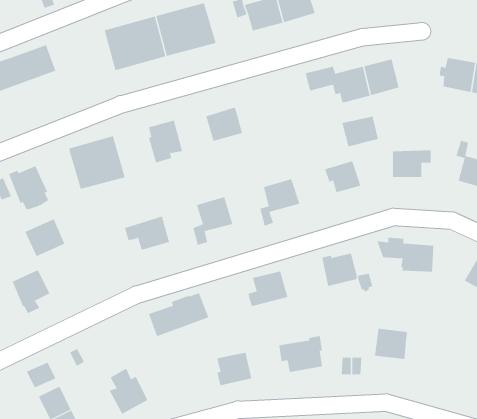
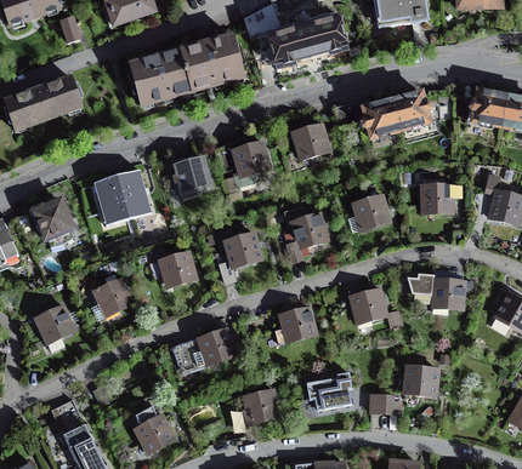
building: none -> [290,124,329,159]
building: [342,116,379,147] -> none
building: [24,219,65,257] -> [91,278,132,316]

